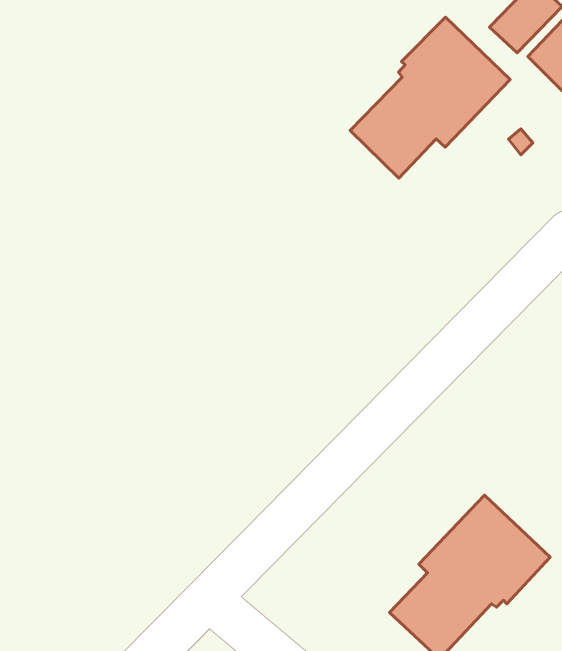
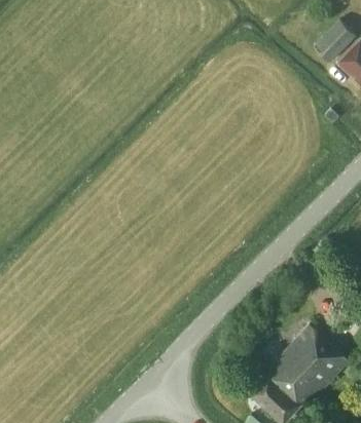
building: [350,17,510,178] -> none

